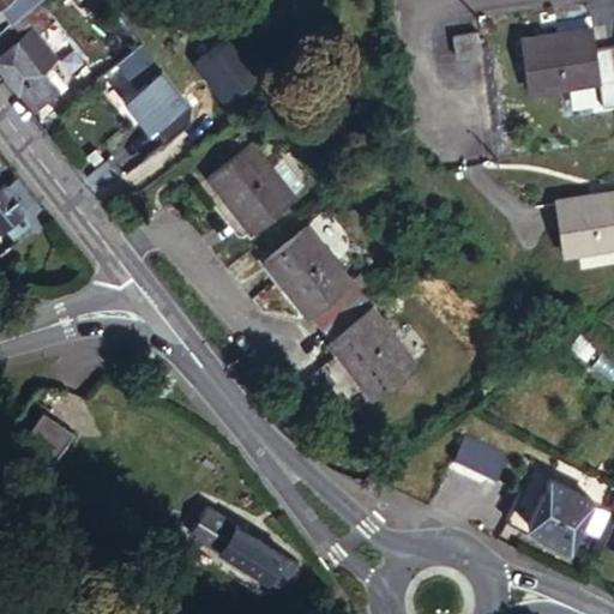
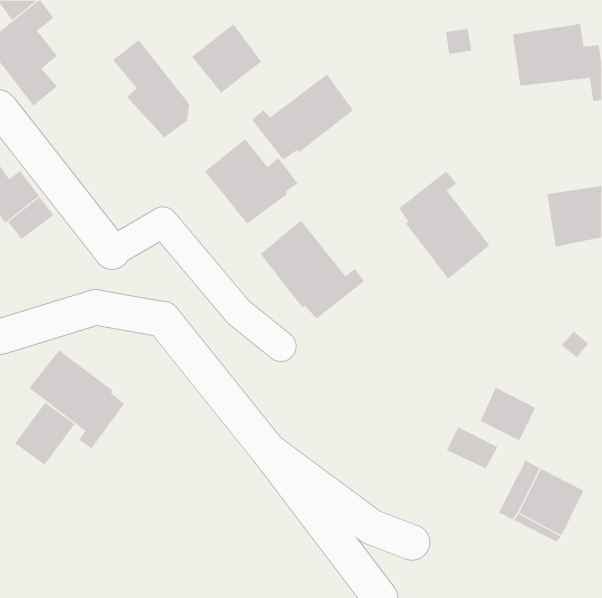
building: none -> [251,74,354,161]
building: [321,291,415,402] -> [398,171,490,279]
building: none -> [29,350,125,449]
building: none -> [480,387,536,441]
building: [189,504,300,595] -> none

